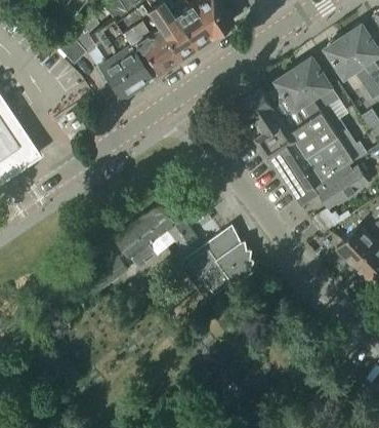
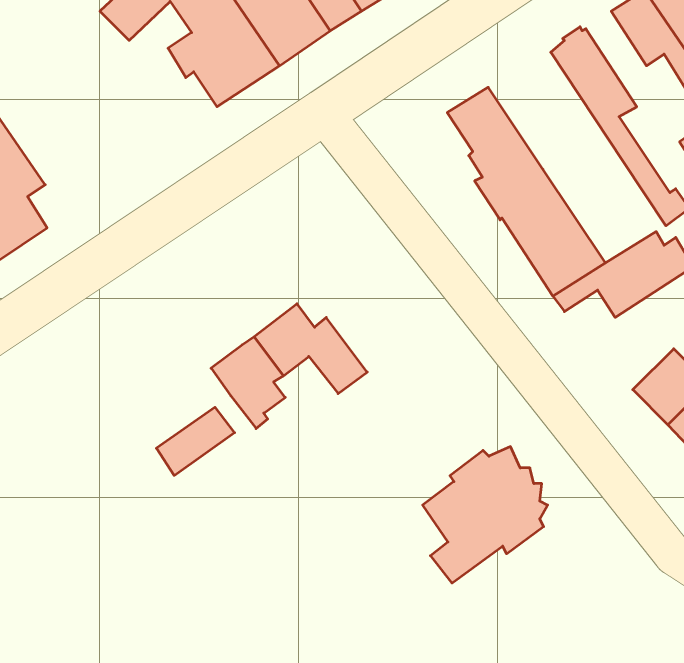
building: [276,69,354,180] -> none
building: [190,229,255,301] -> [423,447,548,583]

